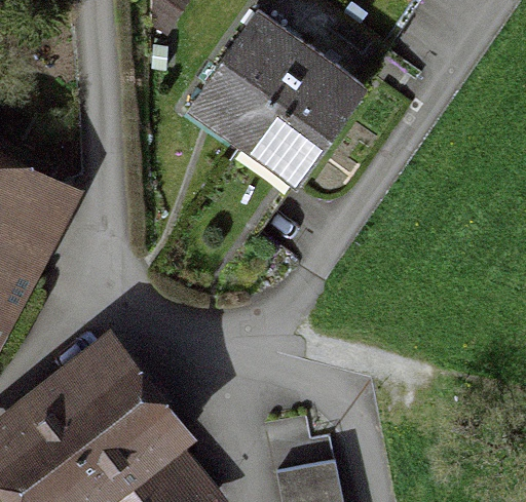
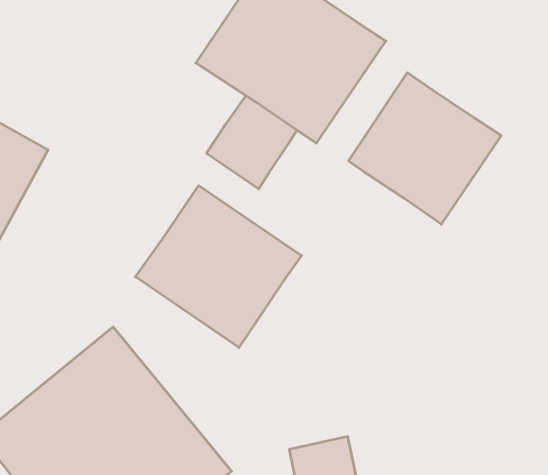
building: none -> [349,73,501,224]
building: none -> [135,186,302,348]

